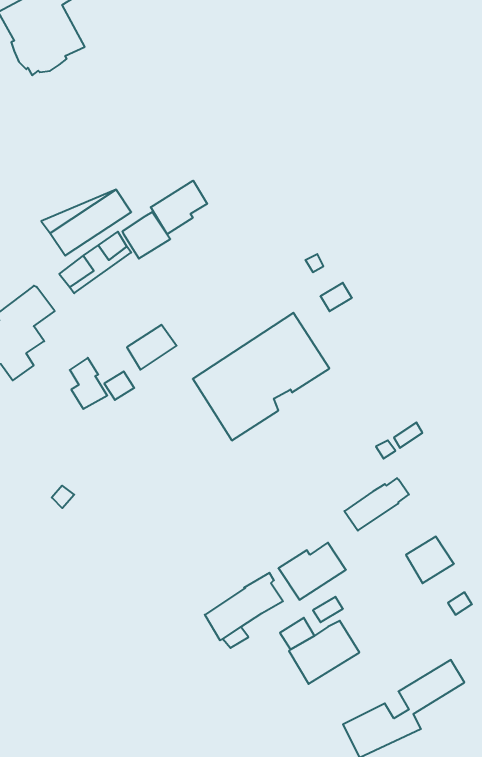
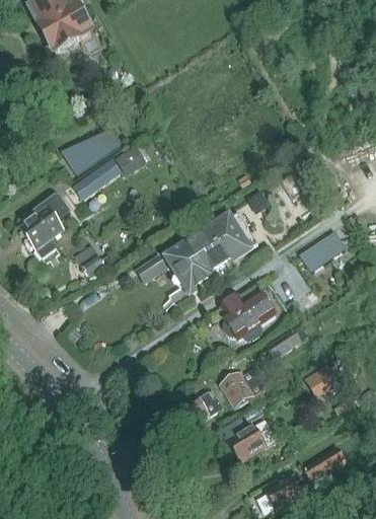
building: [151,181,207,234] -> none
building: [127,325,177,370] -> [135,252,168,283]
building: none -> [298,226,346,268]
building: none -> [221,284,278,340]

